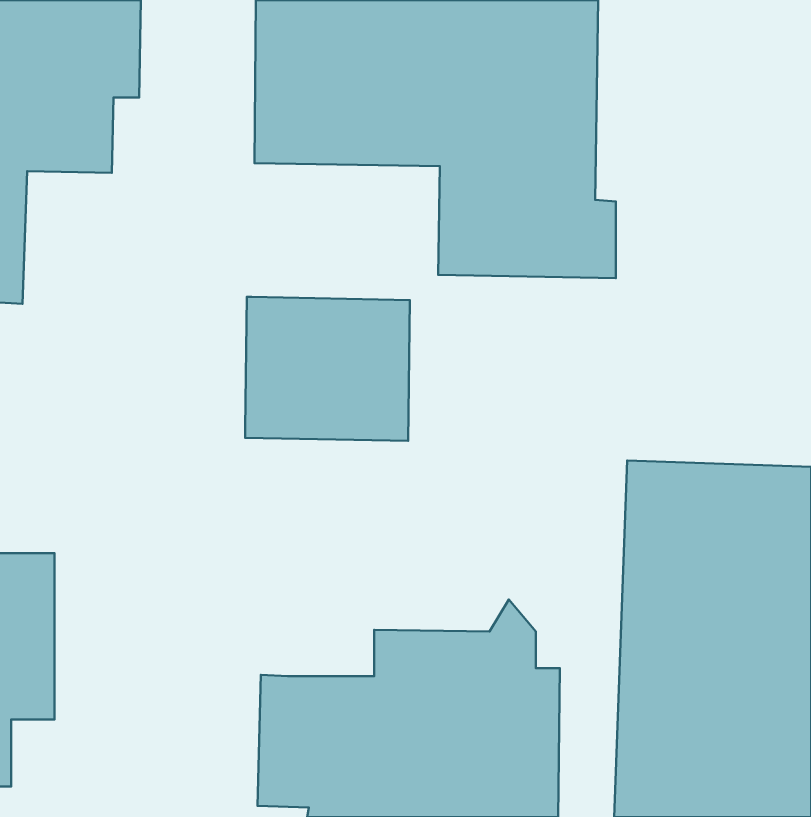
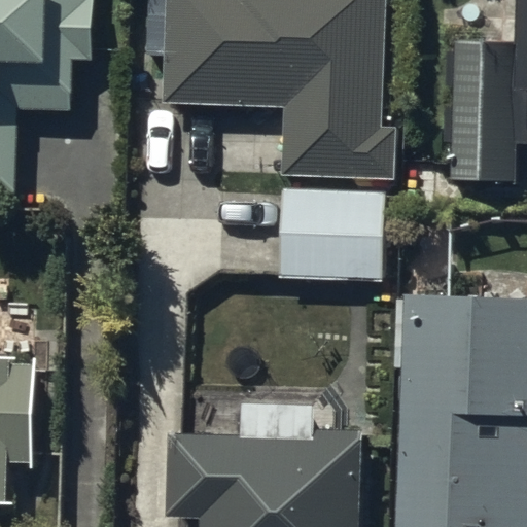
building: none -> [450,41,514,183]
building: [245,297,410,441] -> [279,189,385,282]

